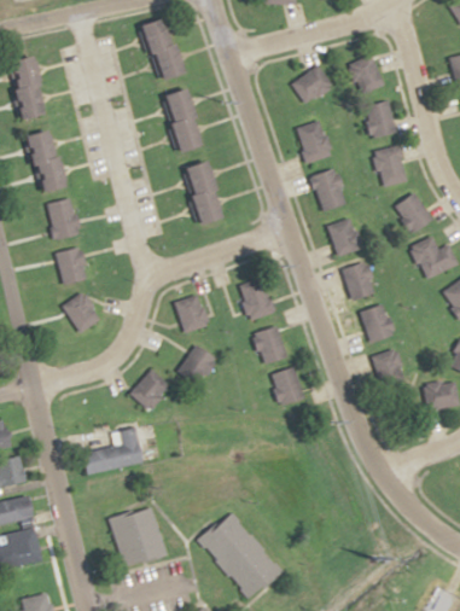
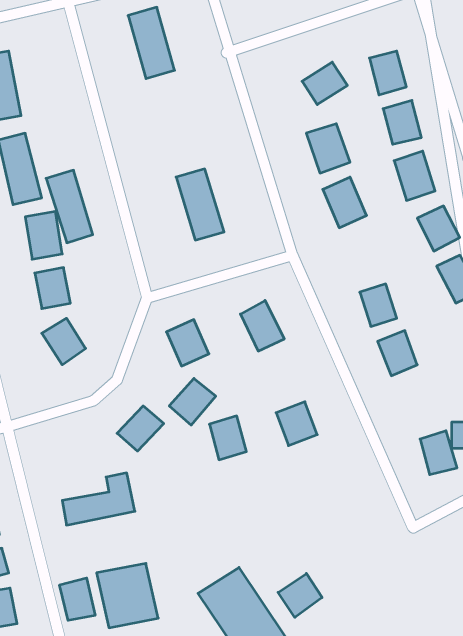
building: [159,88,200,152] -> [46,170,93,243]
building: [326,217,362,257] -> none
building: [254,326,286,365] -> [209,416,246,460]
building: [373,349,406,388] -> [420,431,457,475]
building: none -> [278,573,322,617]
building: none -> [60,578,95,620]

